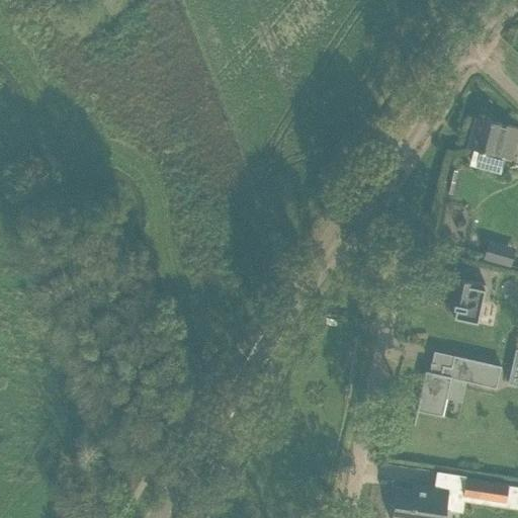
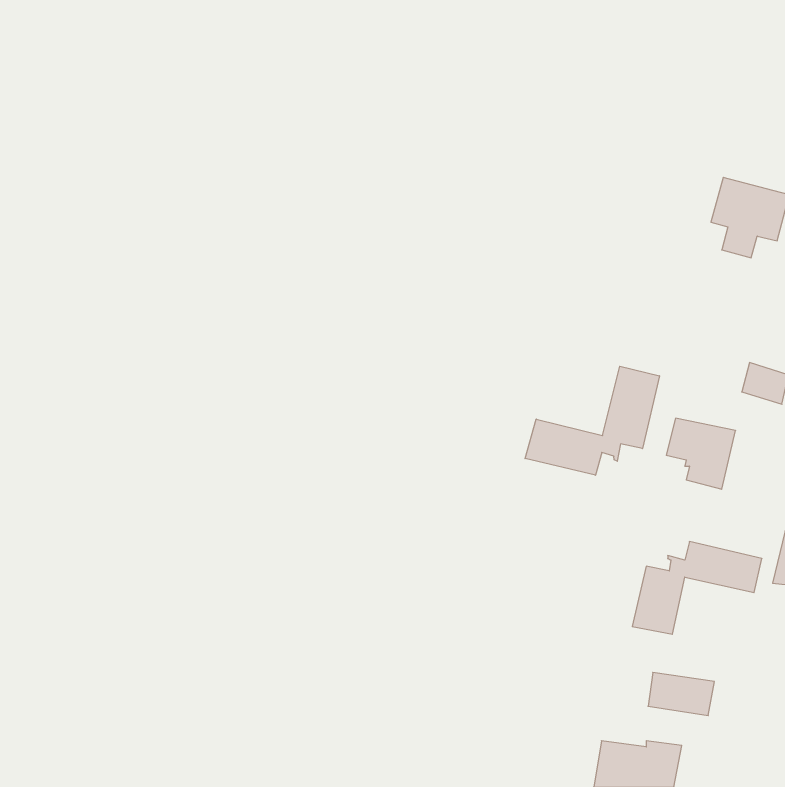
building: none -> [525,366,659,475]
building: [466,477,510,505] -> [648,672,714,716]

